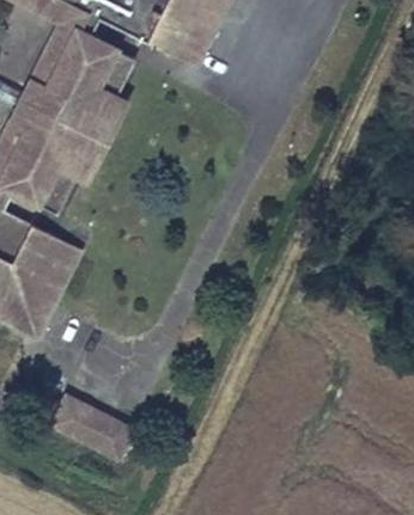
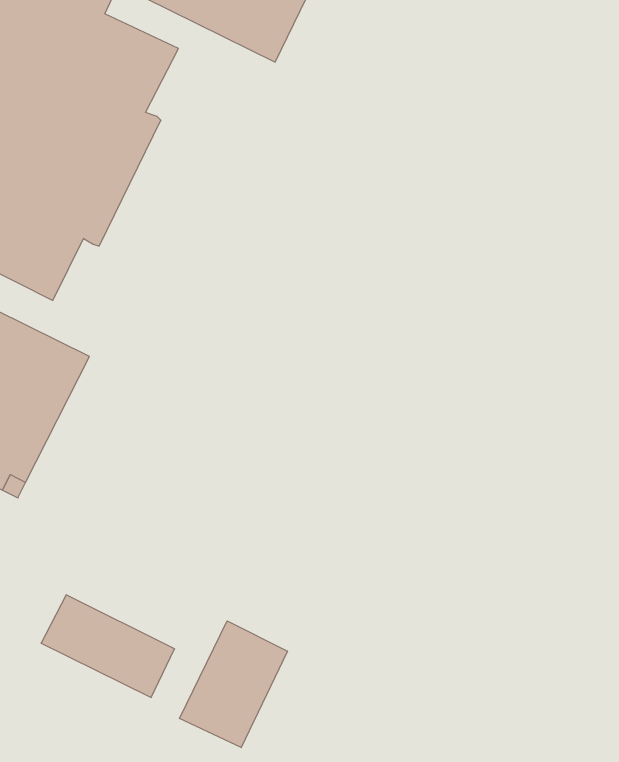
building: none -> [179,621,287,748]

